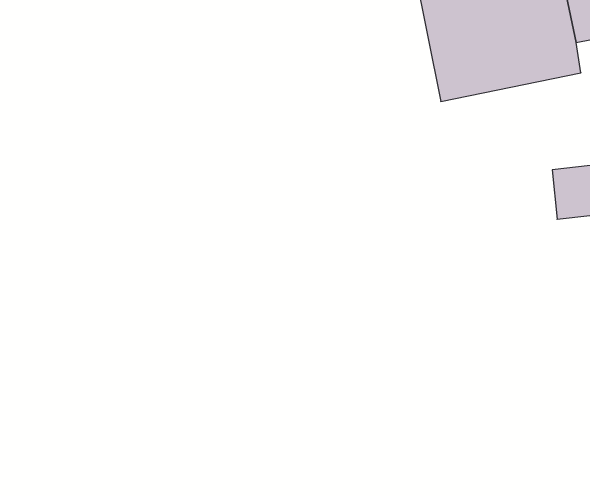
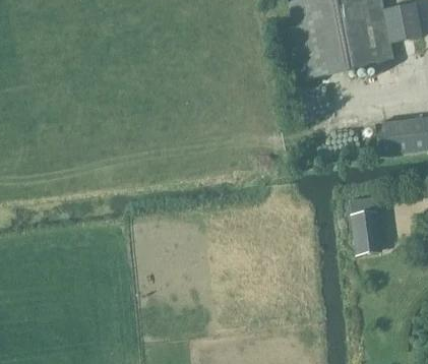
building: none -> [350,195,383,254]

